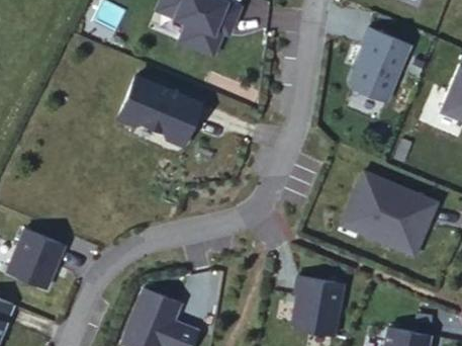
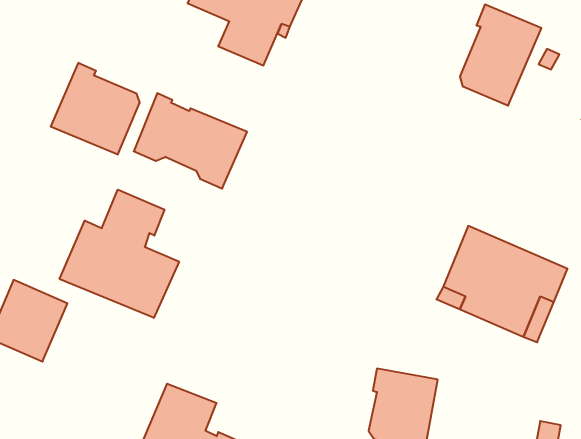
building: none -> [51,63,140,155]
building: none -> [60,190,179,318]

